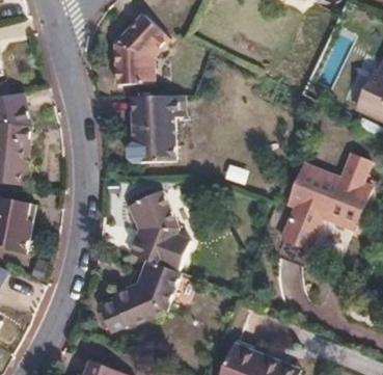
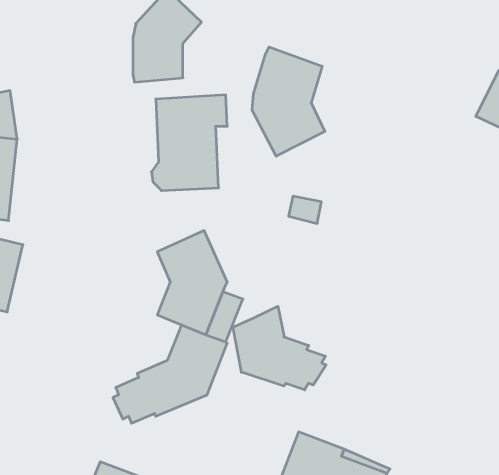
building: none -> [252,47,325,156]
building: [278,154,370,249] -> none
building: none -> [233,306,326,390]

